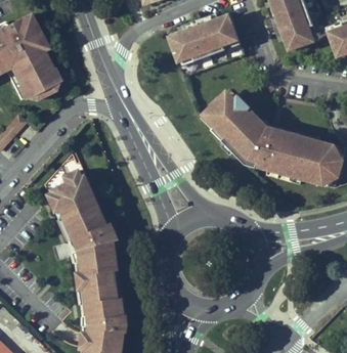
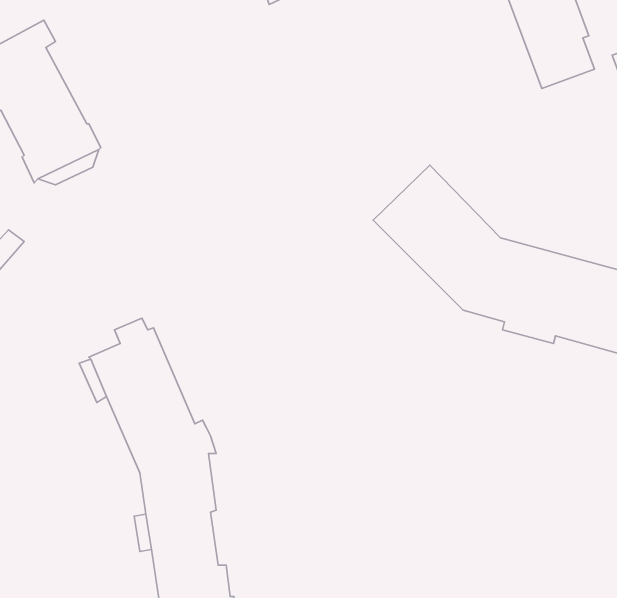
building: [167,12,241,63] -> none

